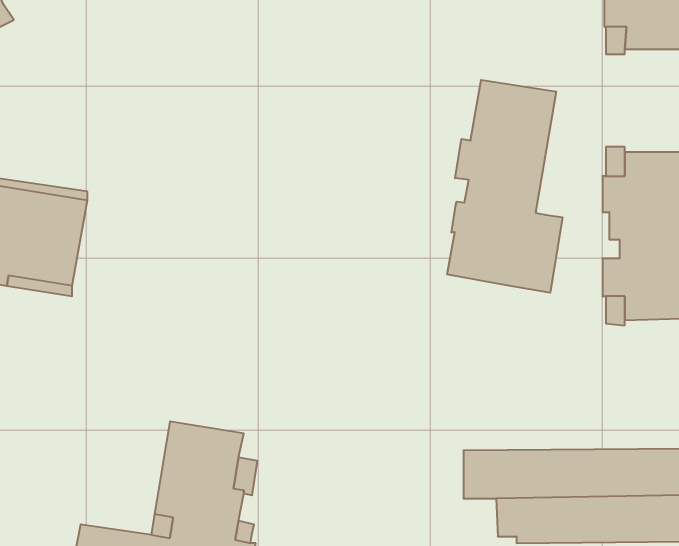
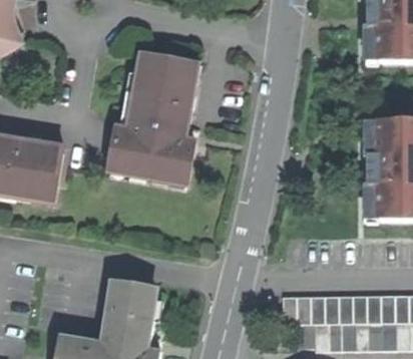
building: none -> [110,57,195,187]
building: [447,80,562,293] -> none

